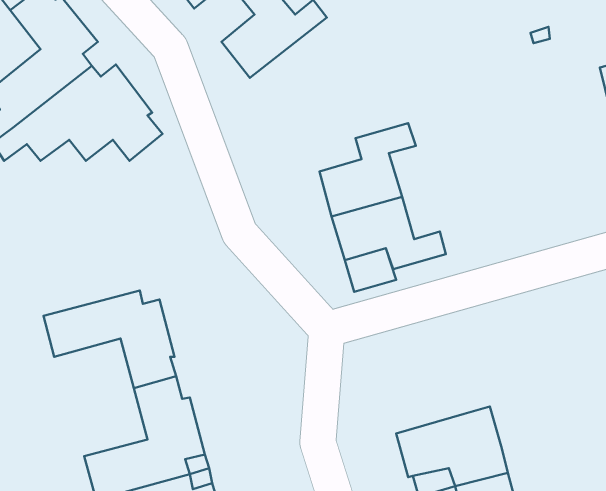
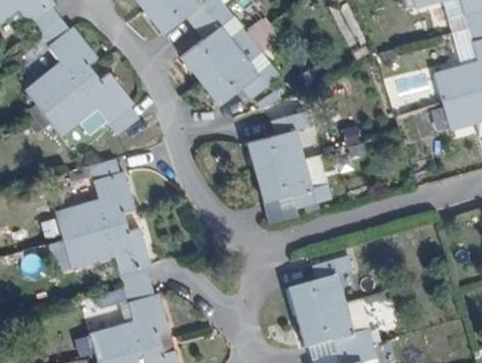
building: none -> [200,40,281,105]
building: none -> [54,158,135,239]
building: none -> [289,255,351,318]

